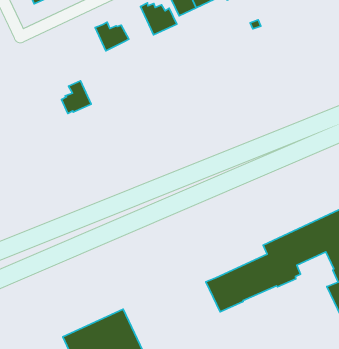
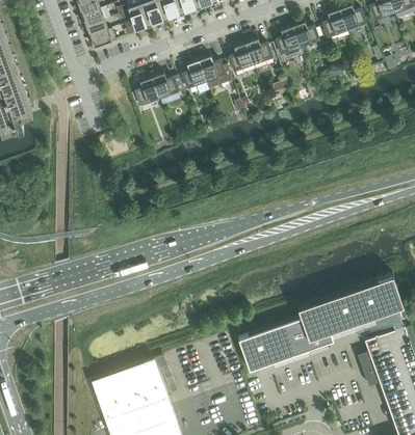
building: none -> [178,60,207,91]
building: [61,81,91,114] -> [131,77,160,108]

